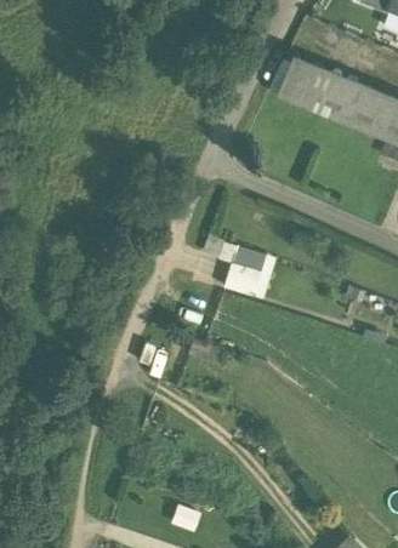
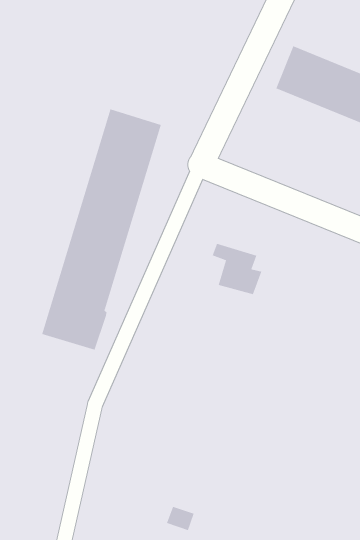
building: none -> [42,109,162,350]

